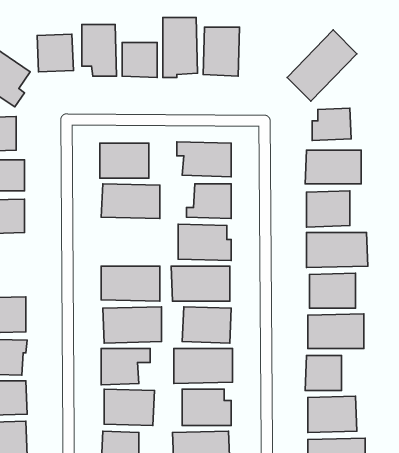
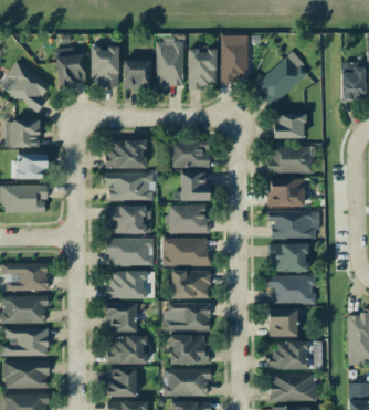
building: none -> [221,34,249,82]
building: none -> [108,204,151,233]

